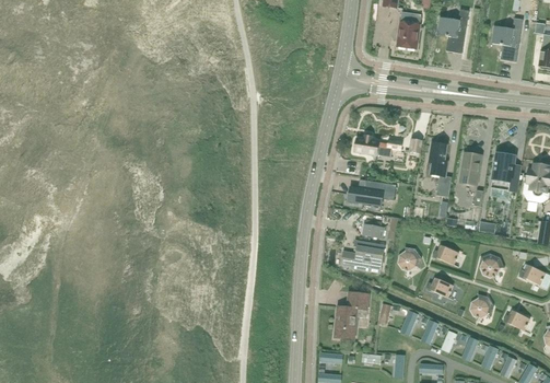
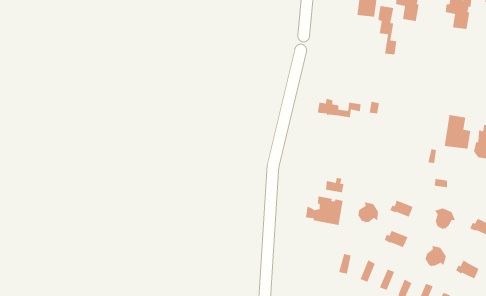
building: [430,143,450,197] -> [378,5,397,55]
building: [459,153,482,186] -> none
building: [349,181,396,211] -> none
building: [335,293,368,339] -> none

